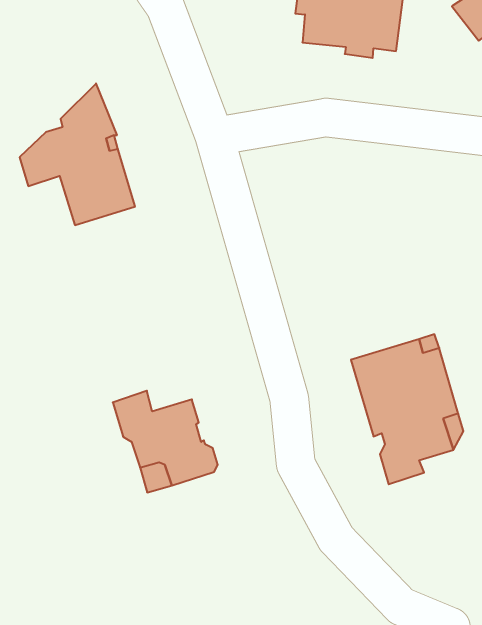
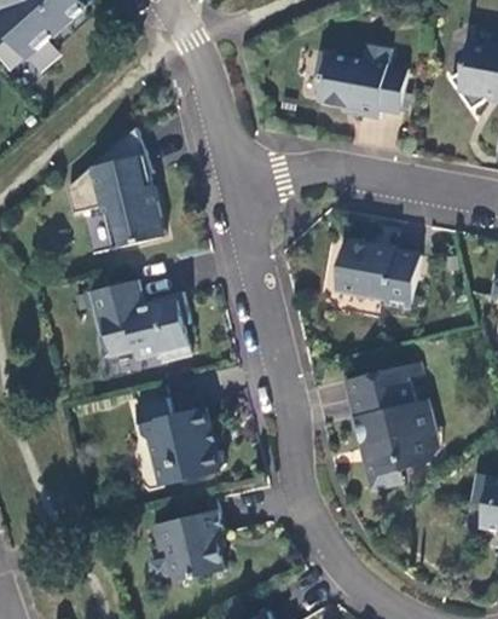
building: none -> [334,241,418,308]
building: none -> [88,282,190,360]
building: none -> [150,509,224,580]

